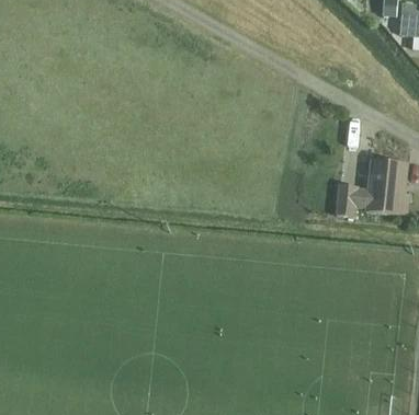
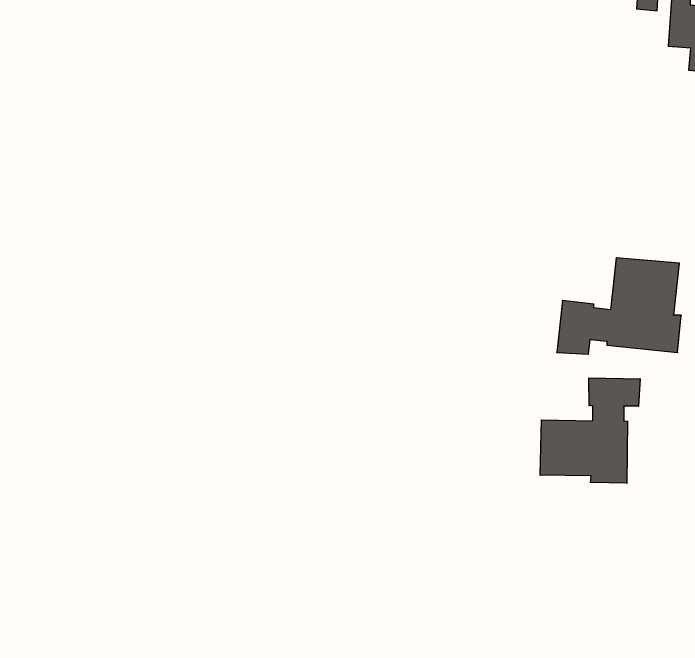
building: none -> [540,378,640,483]

